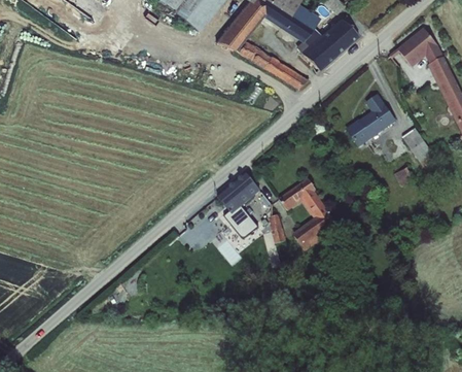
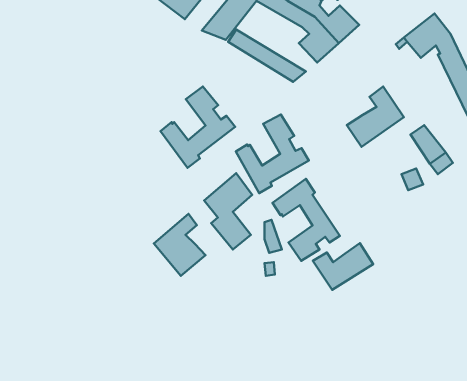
building: none -> [161,87,235,168]
building: none -> [236,114,309,193]
building: none -> [154,214,206,276]
building: none -> [313,243,373,290]

